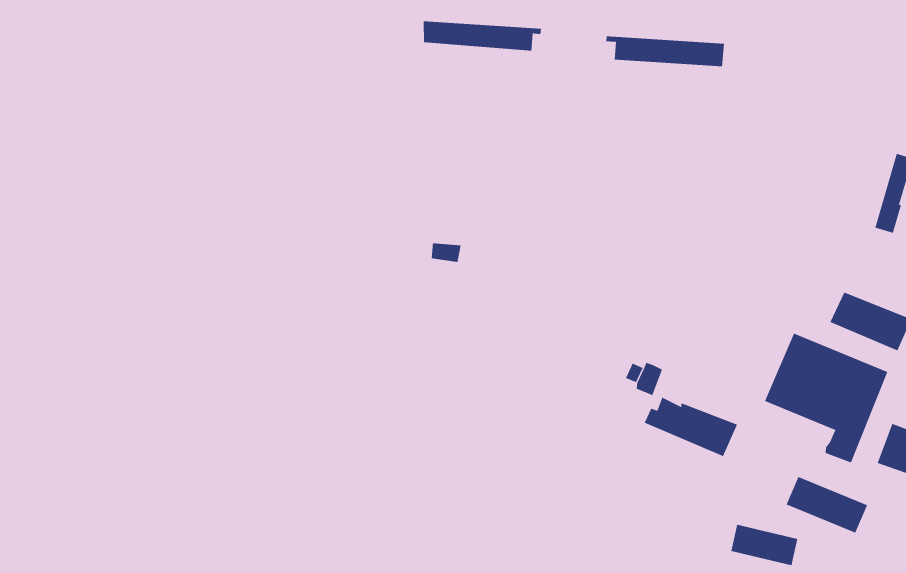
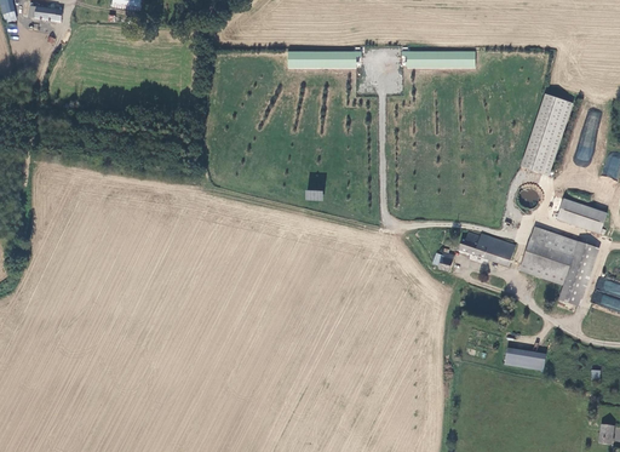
building: none -> [521,93,572,174]
building: [644,397,738,457] -> [459,231,517,265]
building: [786,476,868,533] -> none

